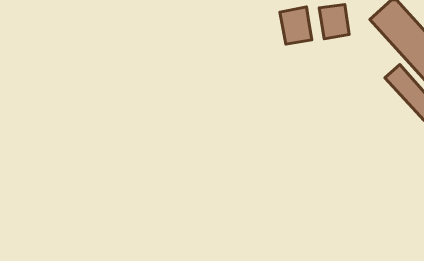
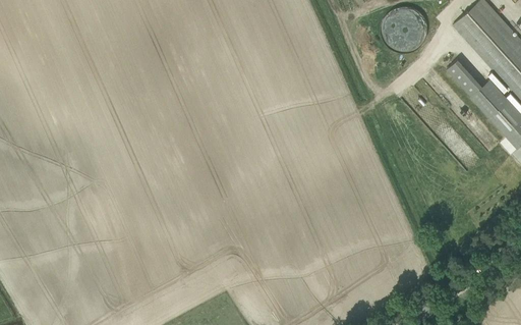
building: [280,7,312,44] -> none
building: none -> [446,60,481,97]

